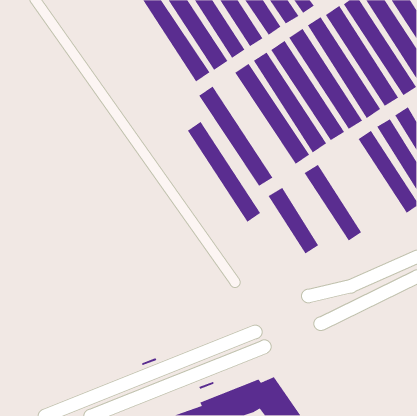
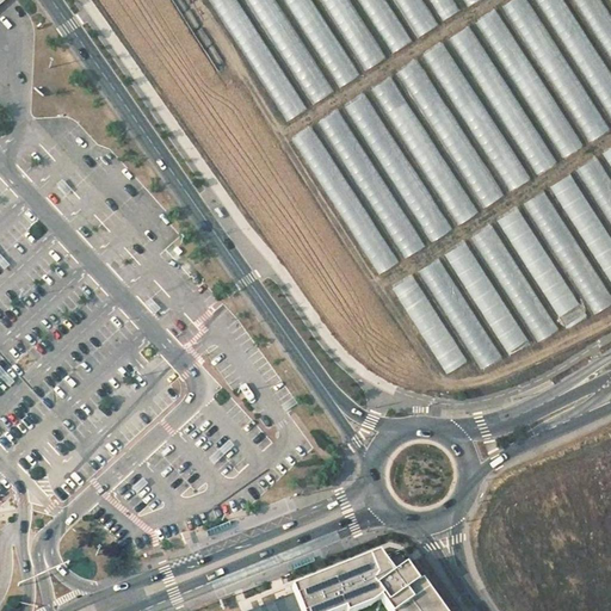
building: [187,121,261,223] -> [316,109,425,258]
building: none -> [496,206,587,328]
building: none -> [470,223,558,341]
building: none -> [419,257,501,369]

